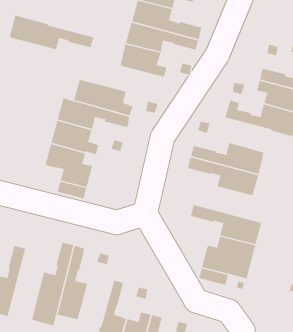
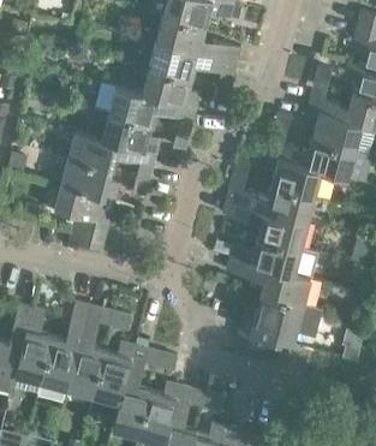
building: [9,15,94,50] -> [95,82,196,124]
building: none -> [263,155,333,198]
building: none -> [229,237,300,274]
building: none -> [12,309,53,394]
building: none -> [94,343,136,402]

